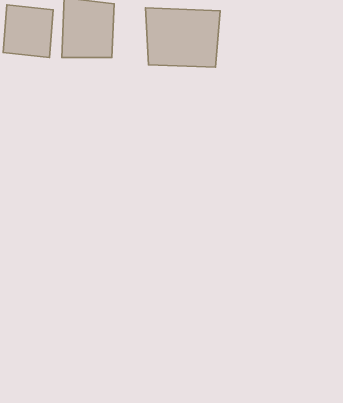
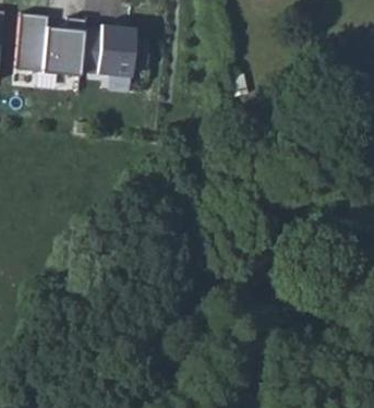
building: [146,8,220,67] -> none

